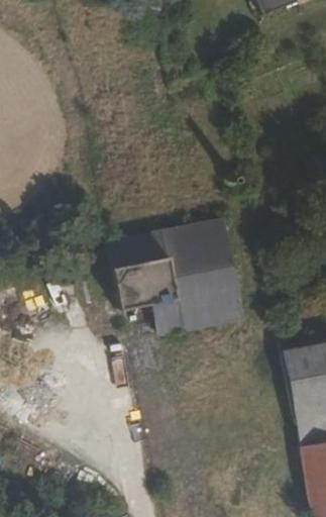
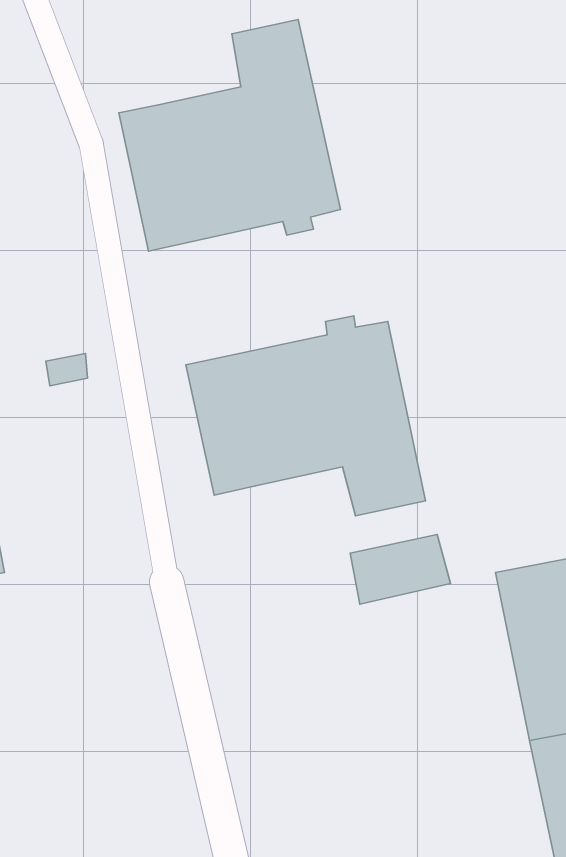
building: none -> [119,19,340,251]
building: [155,297,209,334] -> [350,534,450,604]

